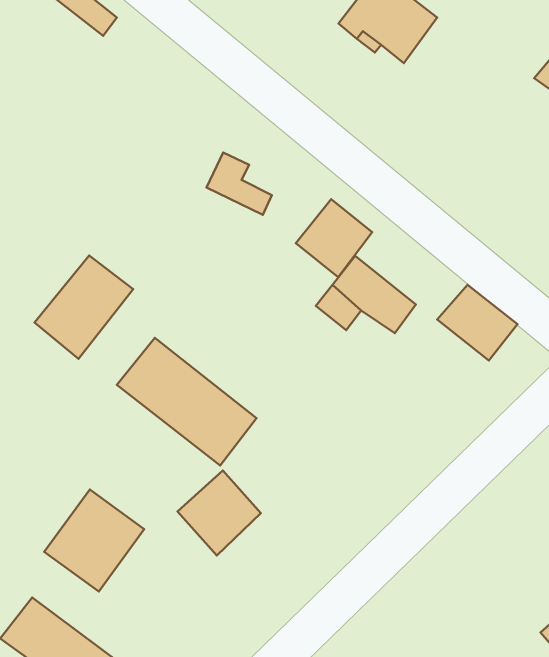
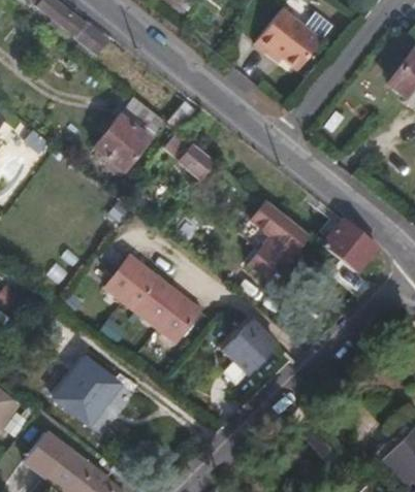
building: [296,199,372,277] -> none
building: [35,256,133,359] -> [95,105,162,175]
building: none -> [249,237,293,286]
building: [177,471,261,556] -> [221,317,278,374]

